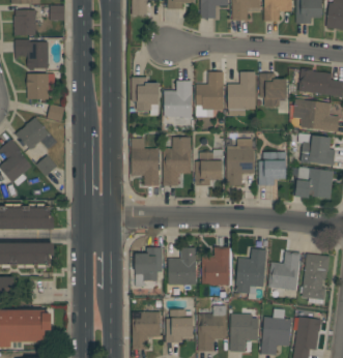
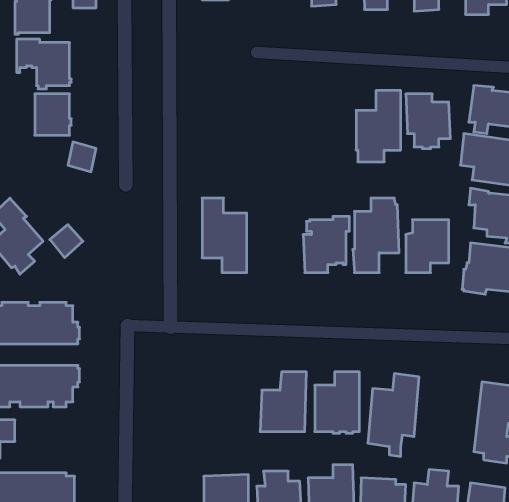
building: [196,71,224,110] -> none
building: [132,77,159,116] -> none
building: [164,81,192,118] -> none
building: [16,117,58,150] -> none
building: [163,138,191,186] -> none
building: [135,247,163,287] -> none
building: [268,250,301,296] -> none

